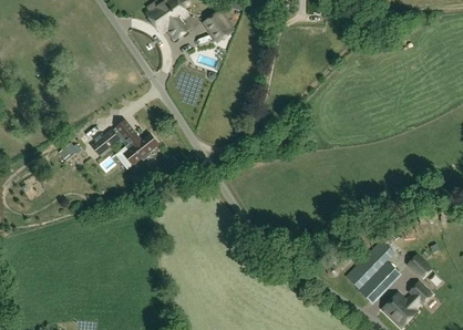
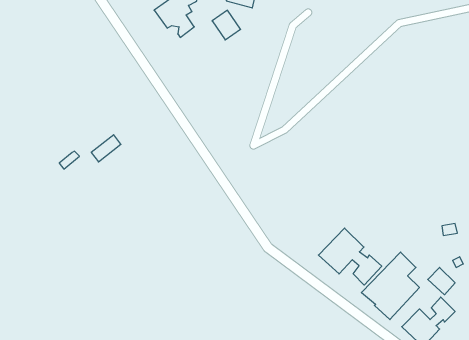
building: [115,121,157,165] -> none
building: none -> [318,228,382,285]

